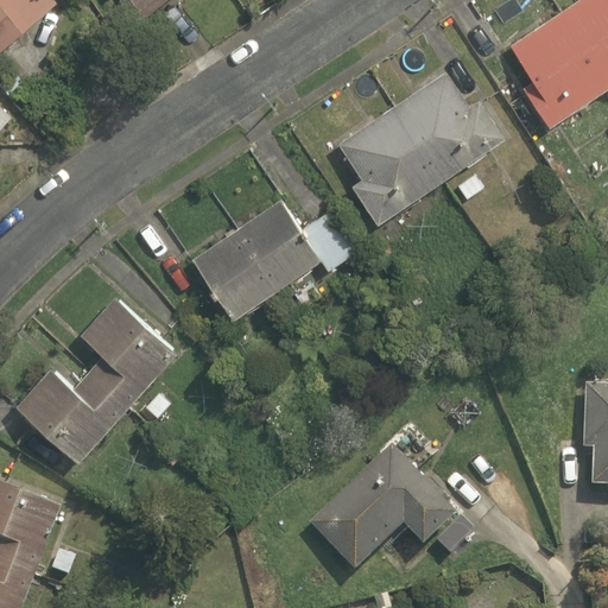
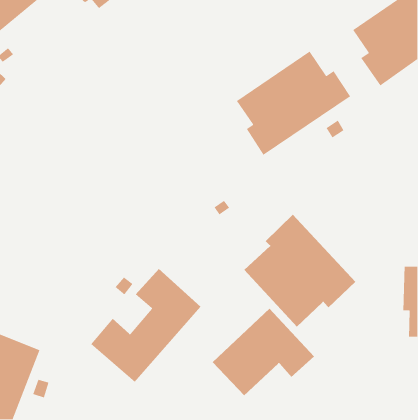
building: [198,203,361,323] -> none
building: [33,302,194,467] -> [90,268,202,383]
building: none -> [244,214,356,327]

